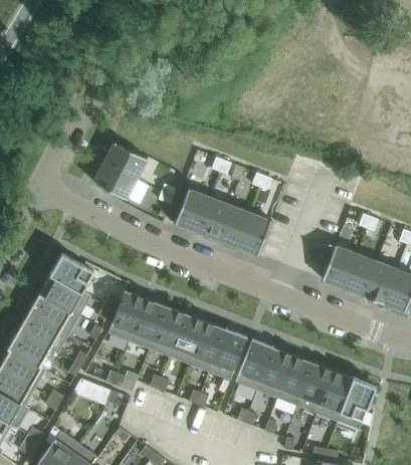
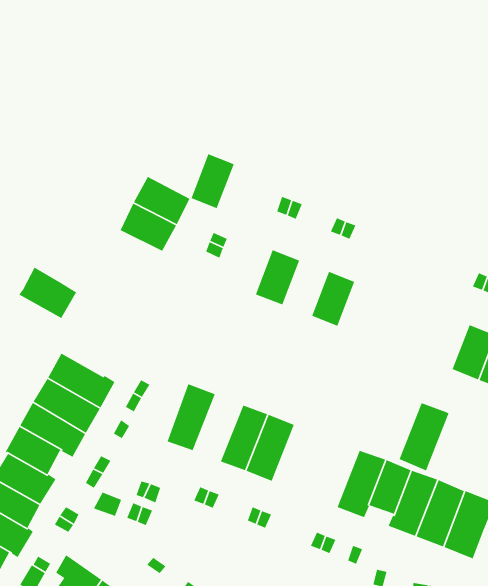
building: [176,189,209,231] -> [191,153,235,209]
building: [217,205,251,247] -> none
building: [323,245,357,287] -> none
building: [50,253,94,292] -> [18,267,77,319]
building: [109,289,146,341] -> none
building: [150,305,187,357] -> none
building: [209,328,247,380] -> none
building: [236,338,274,391] -> [398,402,449,472]

